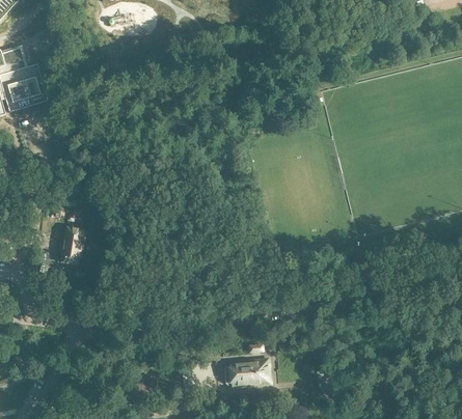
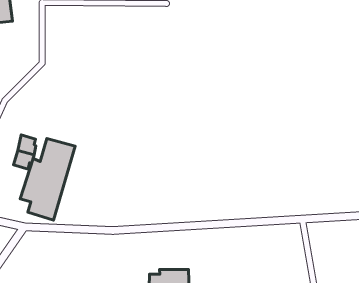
building: none -> [20,139,75,220]

